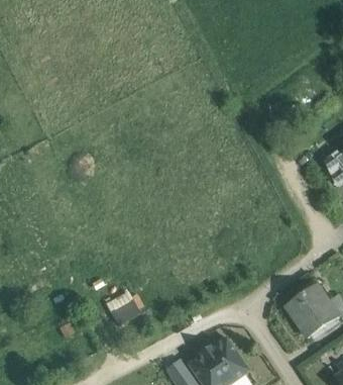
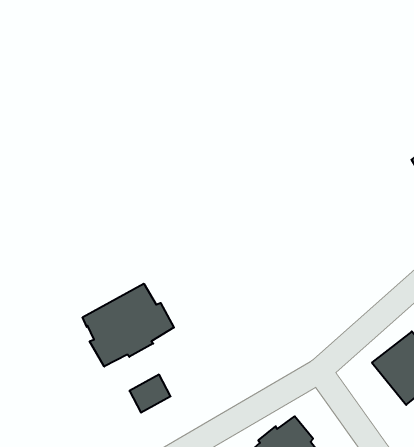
building: none -> [83,284,174,367]

